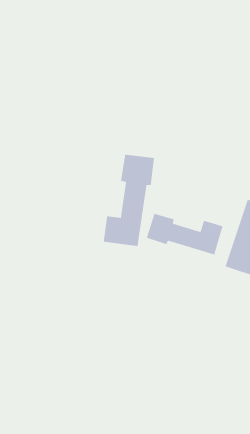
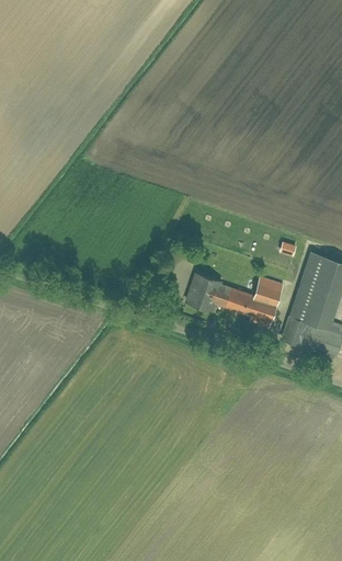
building: [103,154,155,247] -> none

